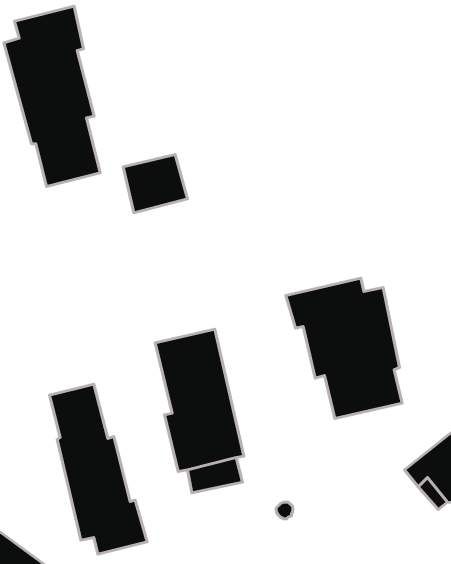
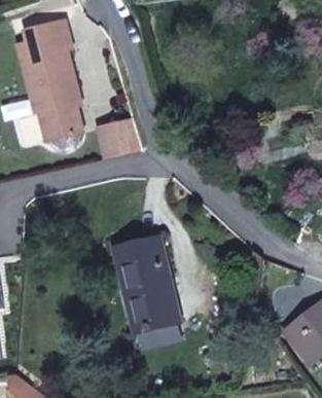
building: [286,278,402,419] -> none
building: [50,384,147,554] -> none

